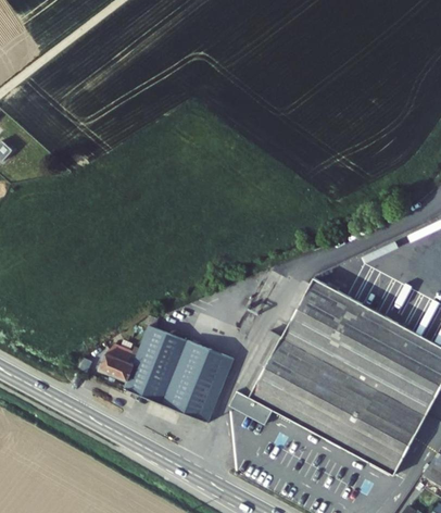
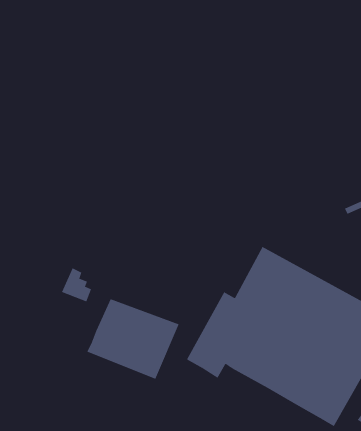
building: [99,345,133,383] -> [61,268,92,302]

